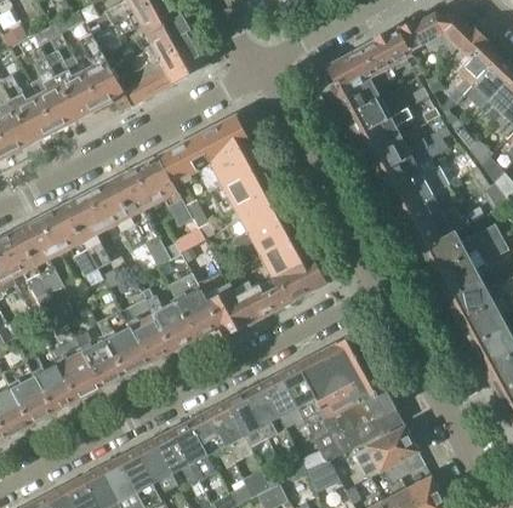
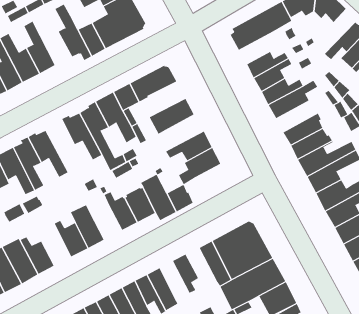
building: [450,38,500,101] -> none
building: [47,47,102,116] -> none
building: [336,69,391,115] -> none
building: [196,139,262,190] -> none
building: [388,173,448,211] -> none
building: [234,185,287,230] -> none
building: [65,192,110,267] -> none
building: [266,255,325,309] -> none
building: [127,312,172,361] -> none
building: [52,338,101,398] -> none
building: [262,372,306,426] -> none
building: [226,390,267,446] -> none

